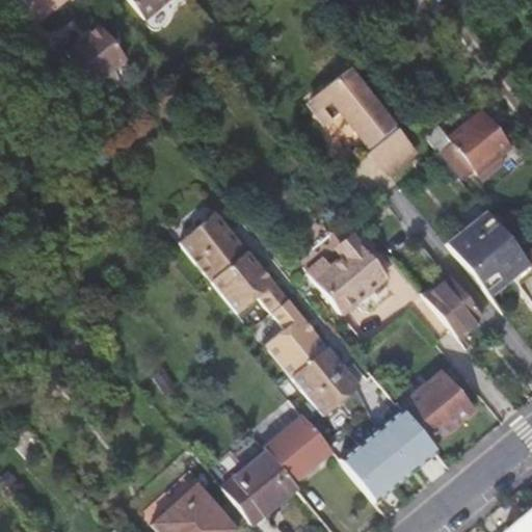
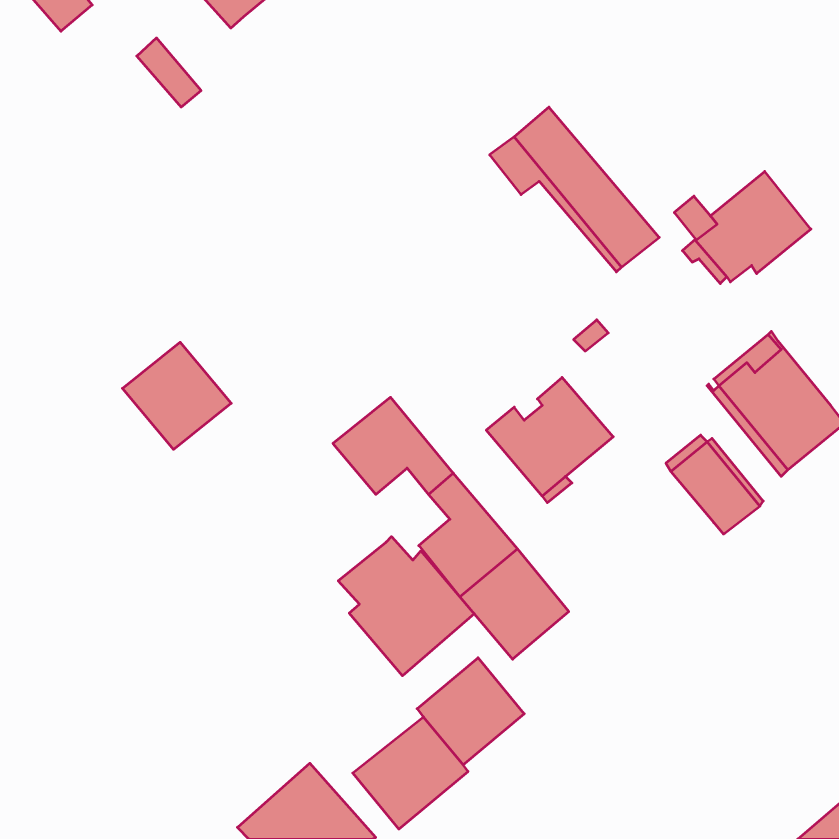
building: [68,35,116,85] -> none
building: [180,212,248,280] -> [122,342,231,449]
building: none -> [338,537,474,676]
building: [404,372,472,440] -> none
building: [340,402,437,503] -> none

